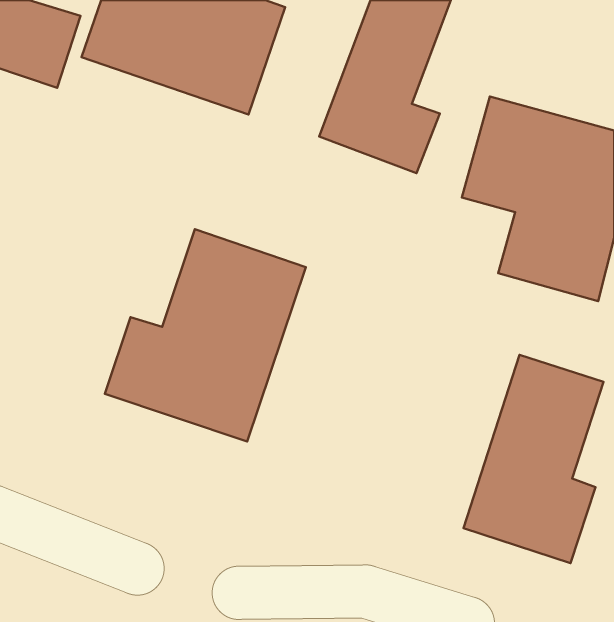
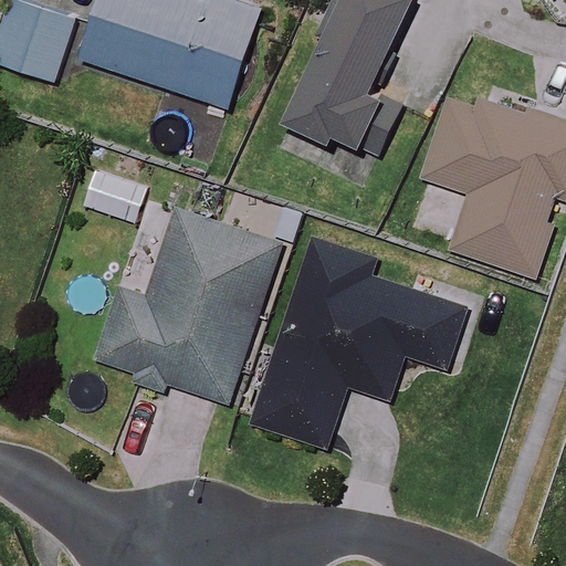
building: none -> [252,239,461,446]
building: [463,355,603,563] -> none

